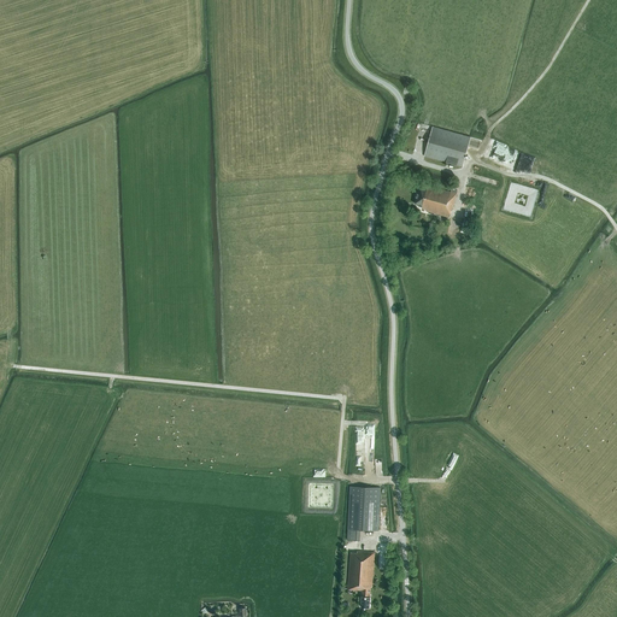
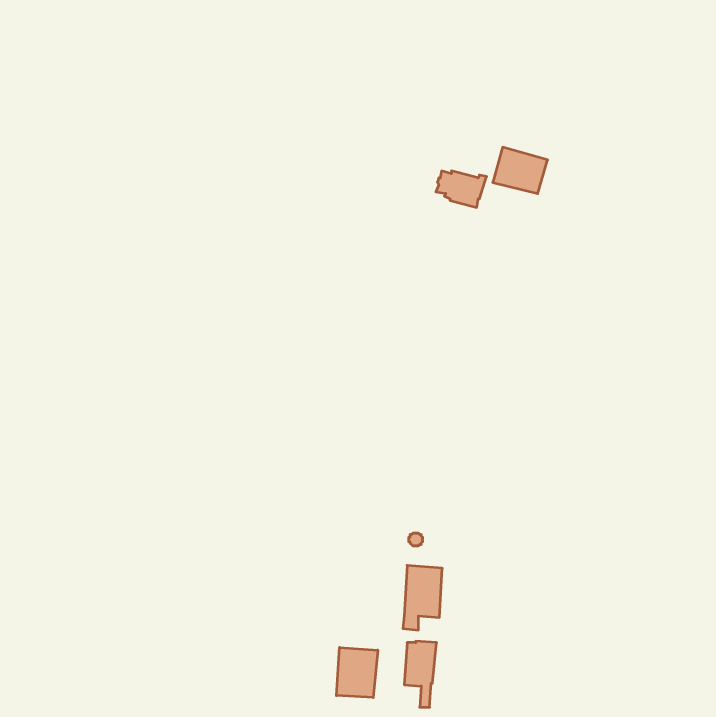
building: [413,186,457,217] -> [436,171,487,207]
building: none -> [336,647,378,698]

